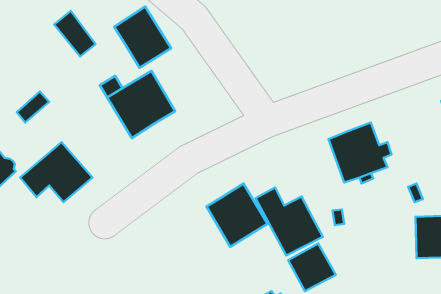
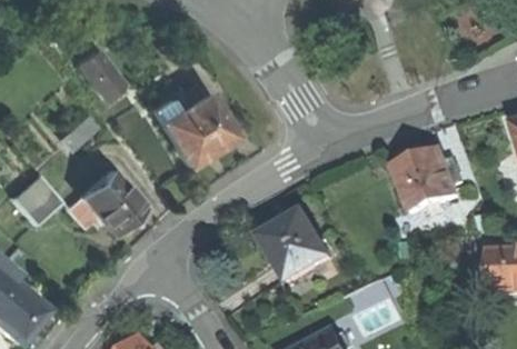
building: [114,7,171,68] -> none
building: [54,11,96,57] -> [76,49,120,98]
building: [255,187,323,255] -> none

